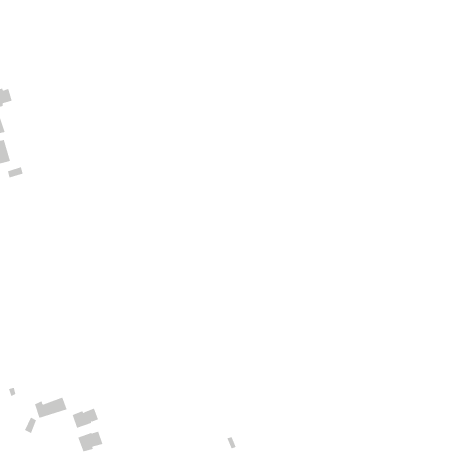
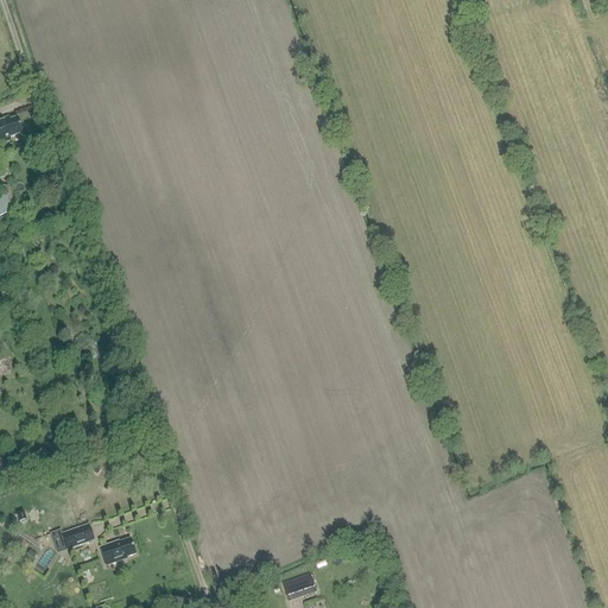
building: [78,431,103,452] -> none

